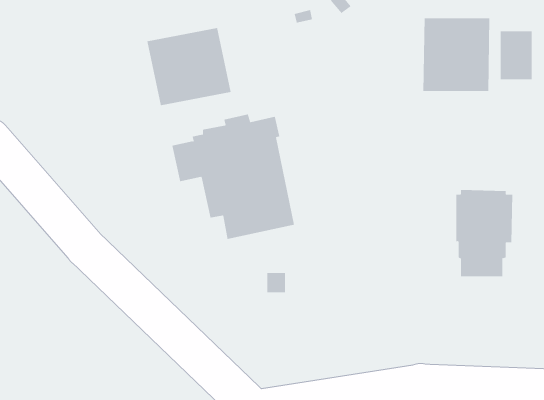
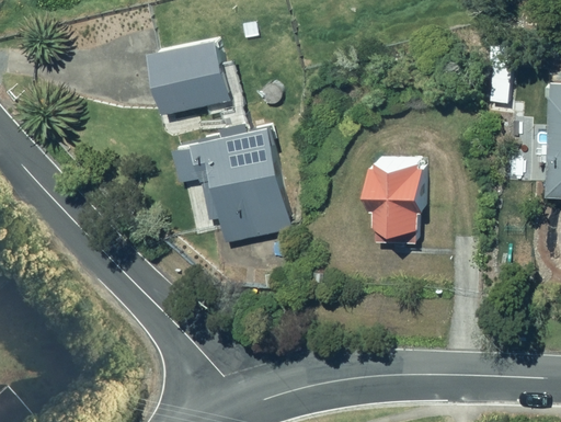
building: [423,18,490,92] -> none
building: [456,190,513,277] -> [369,163,425,248]

